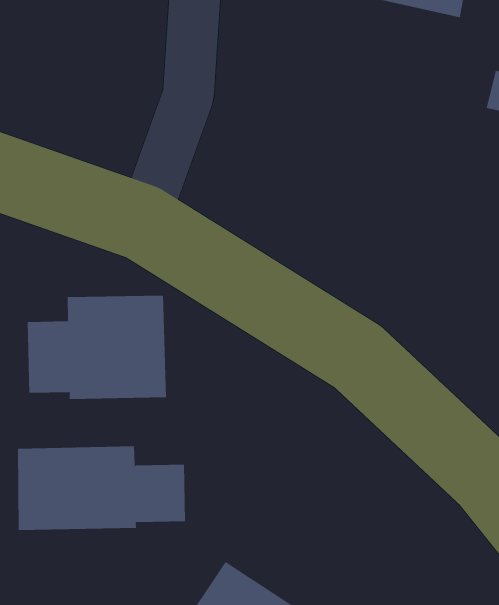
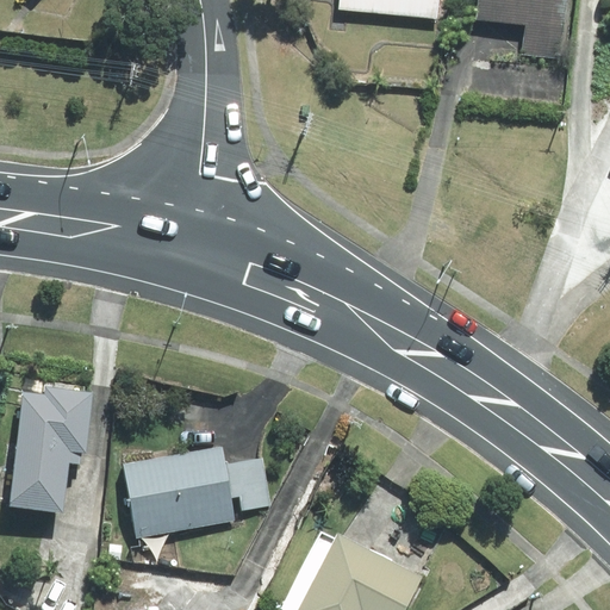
building: [27,295,166,400] -> none

